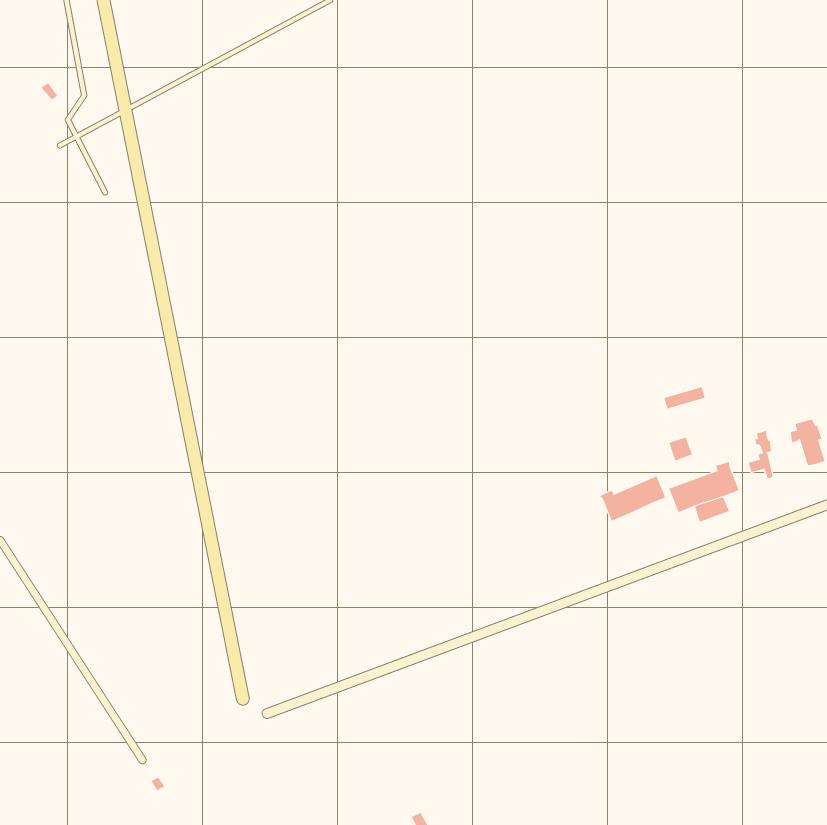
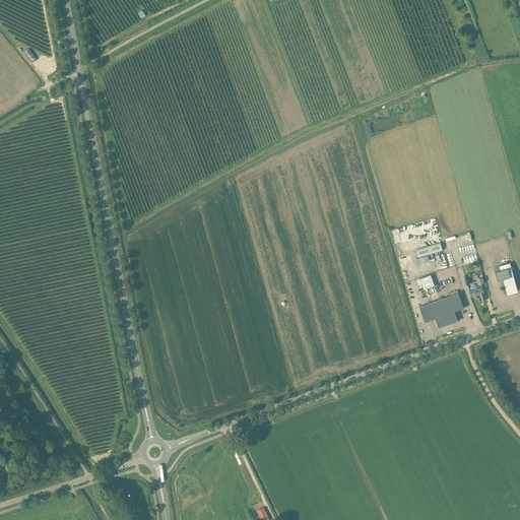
building: [599,476,666,522] -> none

